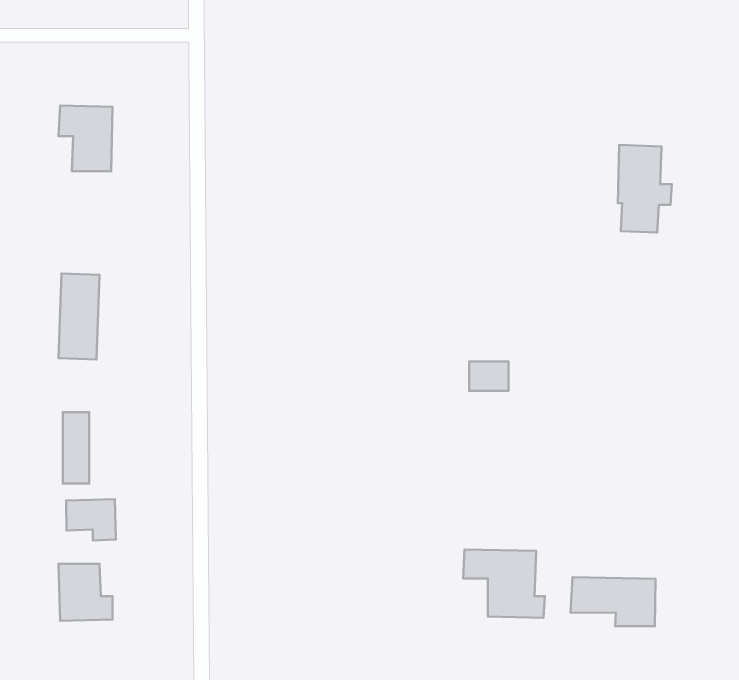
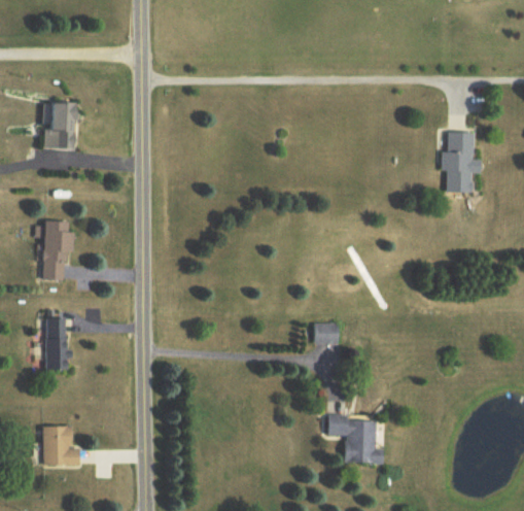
building: [469,362,509,391] -> [313,323,341,344]
building: [66,499,116,541] -> none
building: [571,577,655,626] -> none

